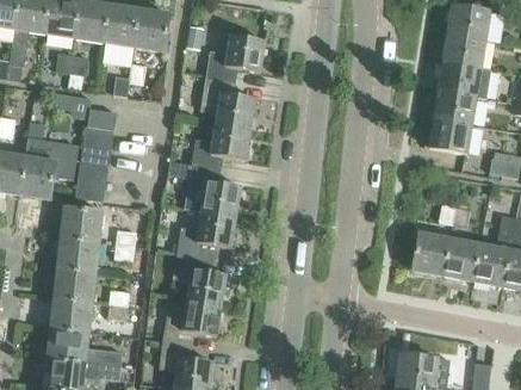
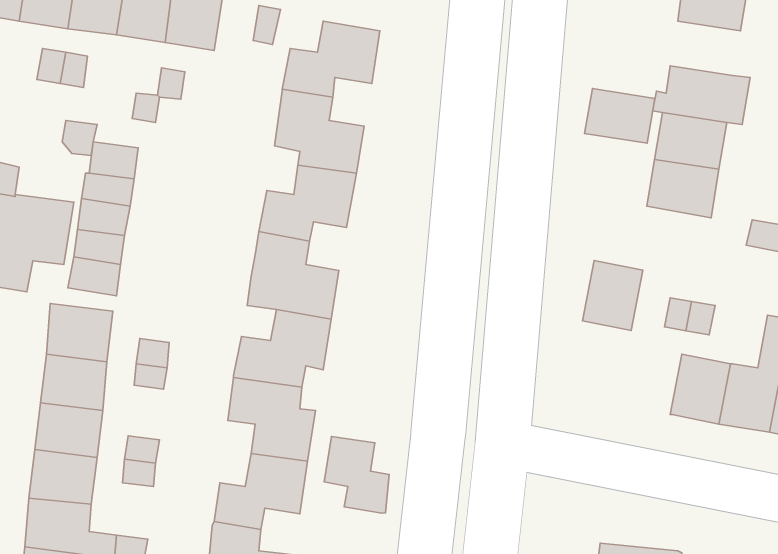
building: [442,33,485,67] -> [585,89,655,143]
building: [413,231,449,274] -> [582,260,643,331]
building: none -> [324,437,389,513]

